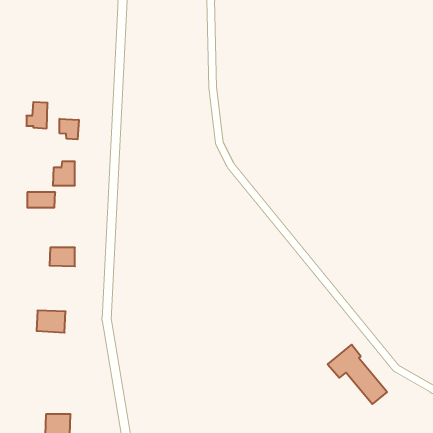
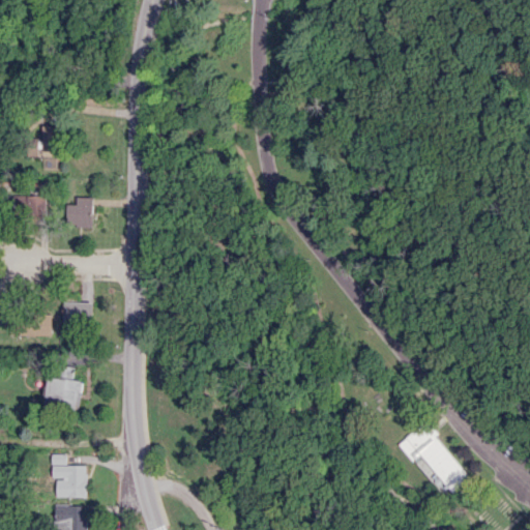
building: [60,119,79,139] -> none
building: [27,192,55,208] -> [11,197,46,215]
building: none -> [51,455,85,498]

